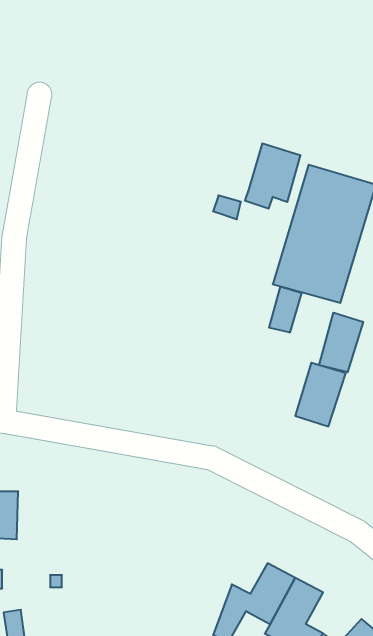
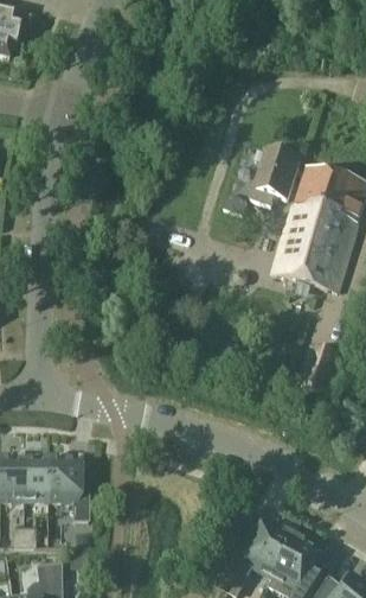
building: [269,286,302,333] -> none
building: [319,313,363,372] -> none
building: none -> [47,458,88,519]

